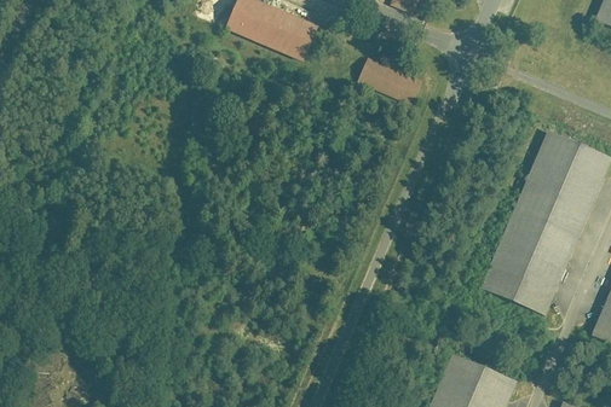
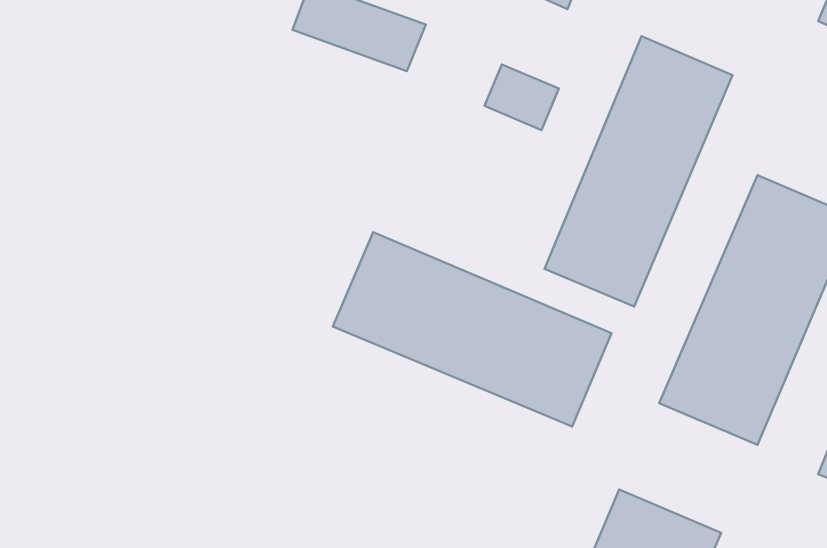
building: none -> [544,36,732,307]
building: none -> [333,232,611,426]

